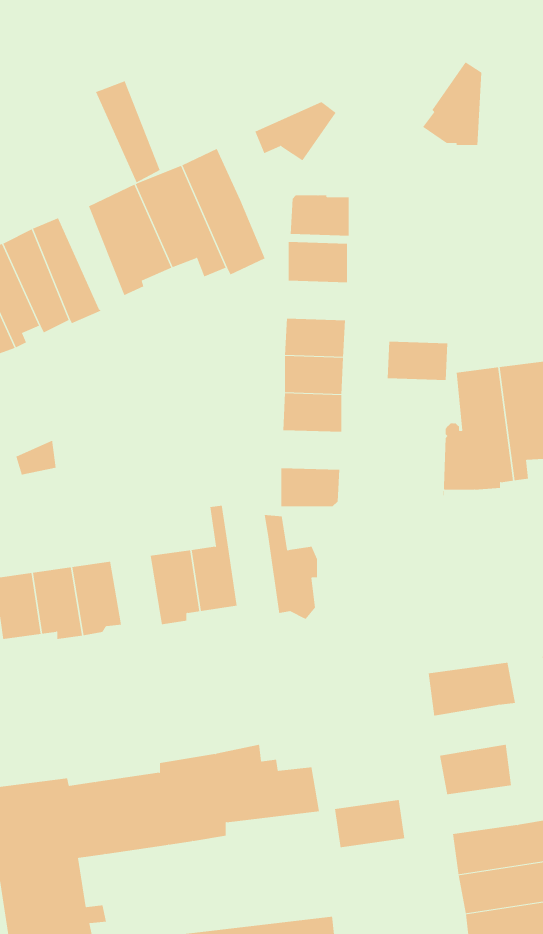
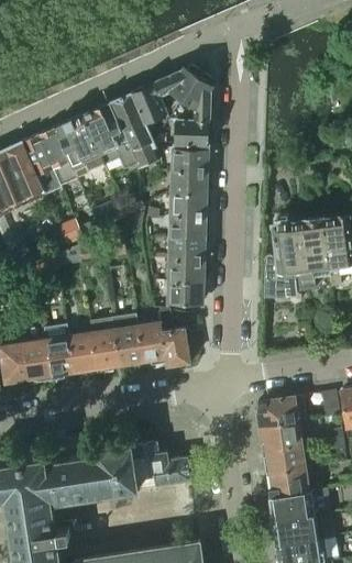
building: [422,61,482,145] -> [176,71,211,121]
building: [95,80,161,183] -> [37,126,76,187]
building: none -> [131,82,166,123]
building: [387,341,448,381] -> [172,170,208,194]
building: none -> [168,258,205,282]
building: none -> [138,321,167,366]
building: none -> [68,332,98,375]
building: none -> [258,420,301,450]
building: [334,799,405,848] -> [266,467,308,496]

